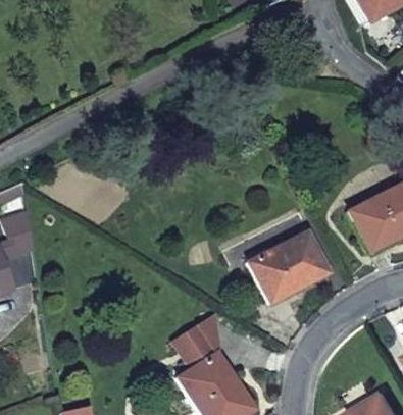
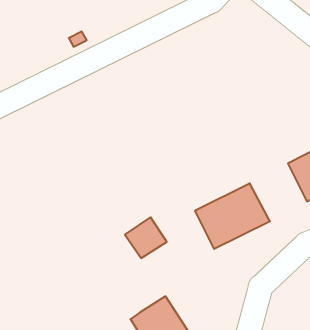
building: [173,326,218,370] -> [125,217,167,258]

